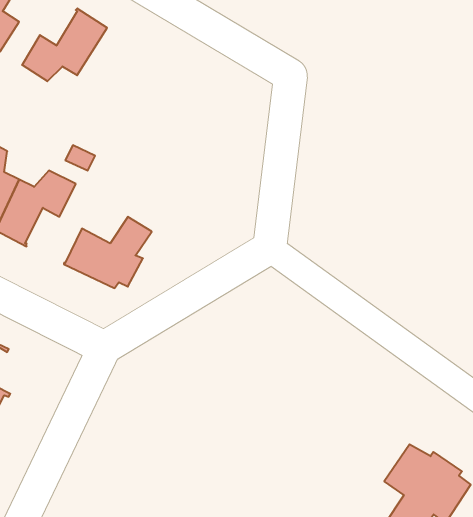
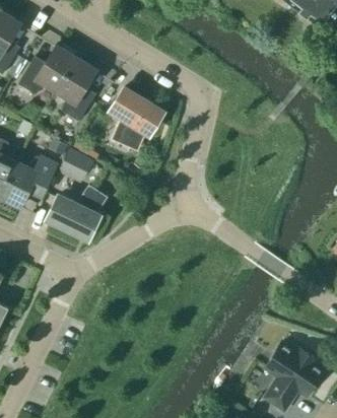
building: none -> [56,58,96,121]
building: none -> [111,87,161,149]
building: none -> [58,148,94,183]

